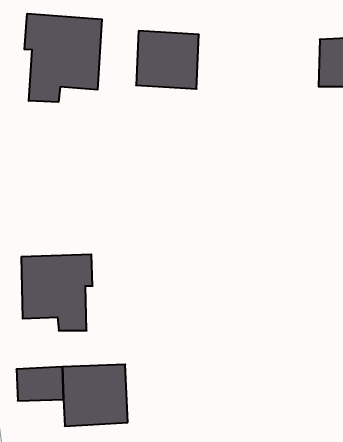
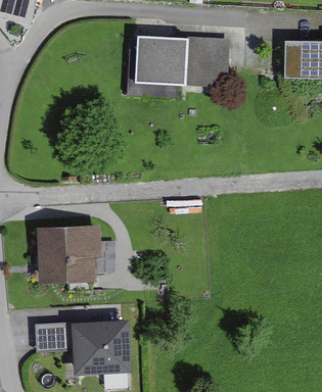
building: [24,14,102,102] -> none
building: none -> [185,40,228,87]

